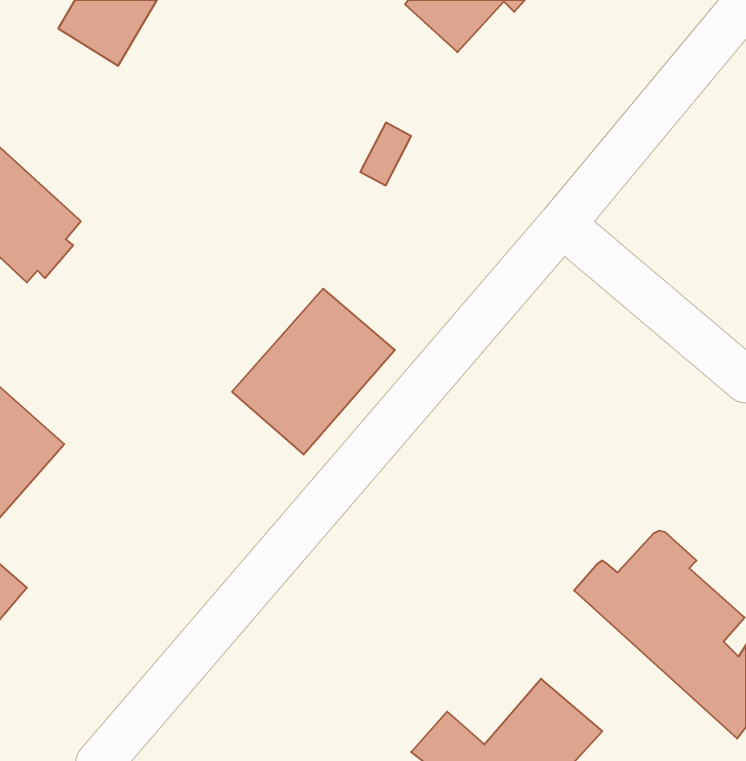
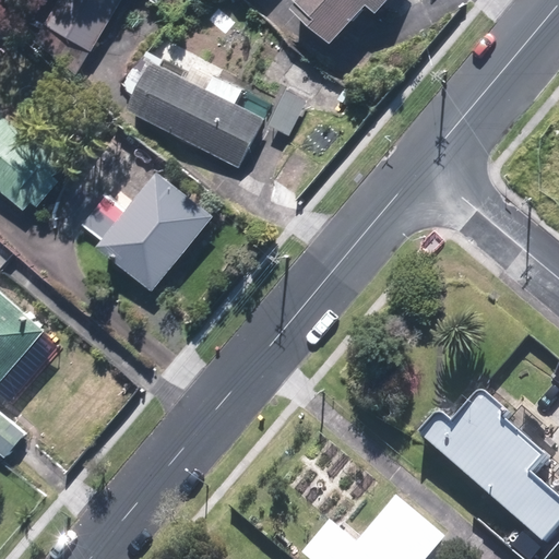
building: none -> [126,58,260,167]
building: [232,289,395,455] -> [96,169,215,290]

